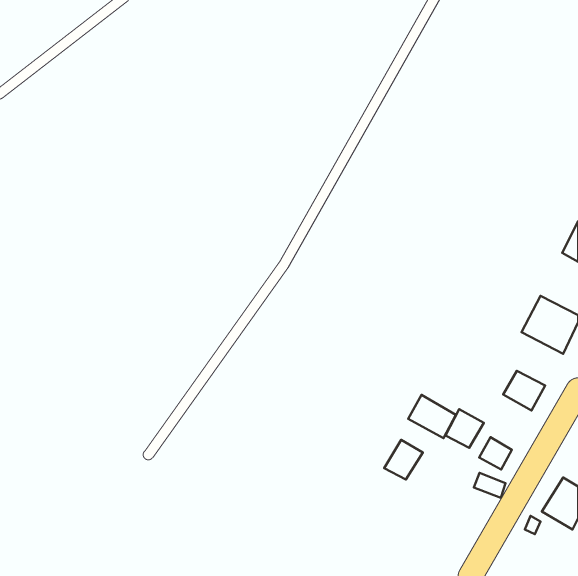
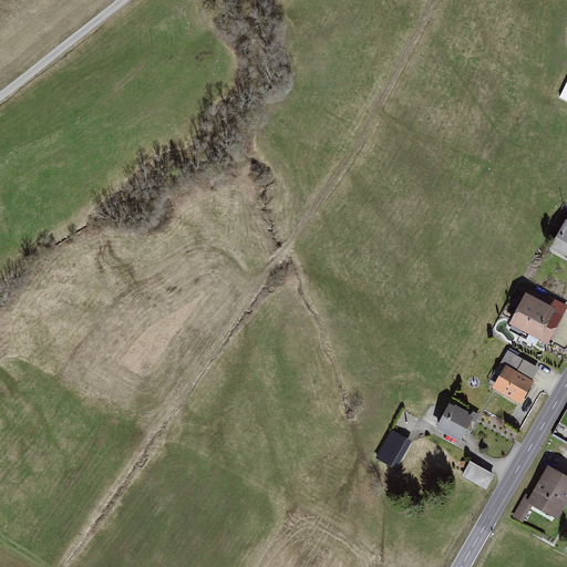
building: [408,395,456,438] -> none
building: [479,437,512,470] -> none

